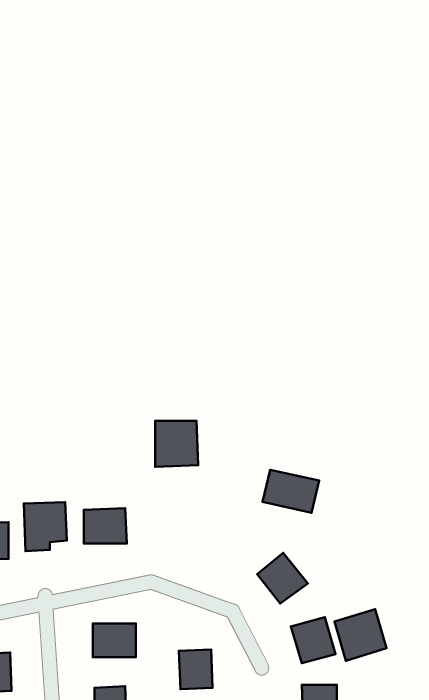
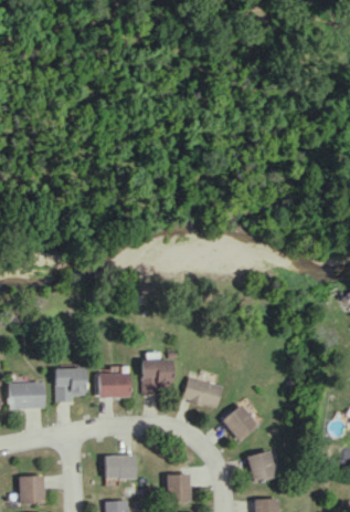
building: [155,421,198,467] -> [140,359,171,393]
building: [262,470,319,513] -> [181,377,222,408]
building: [334,609,386,661] -> none

